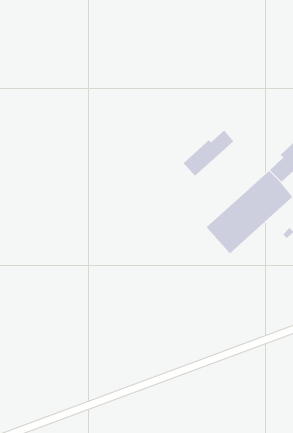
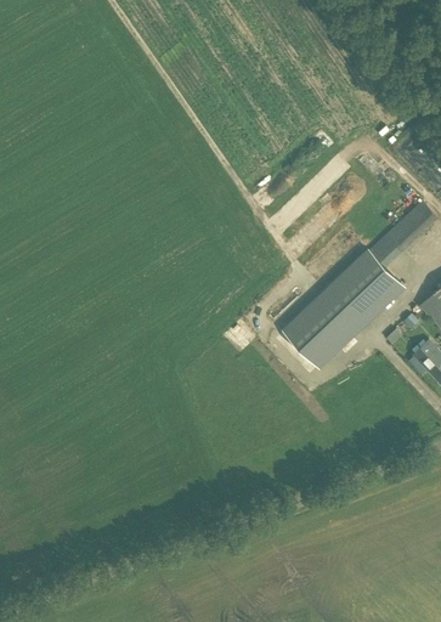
building: [183,130,234,176] -> none

